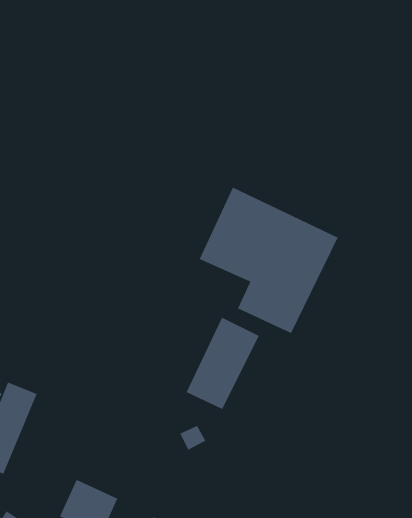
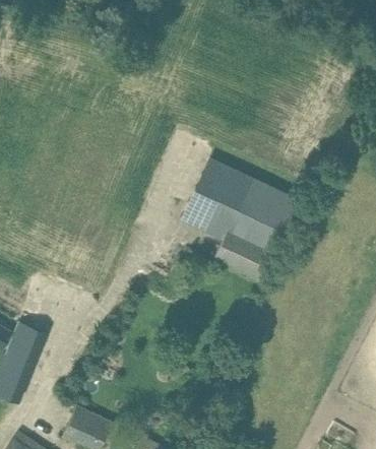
building: [186,317,260,410] -> none

